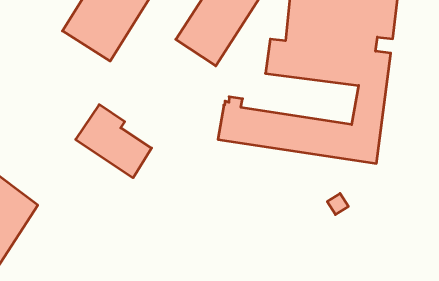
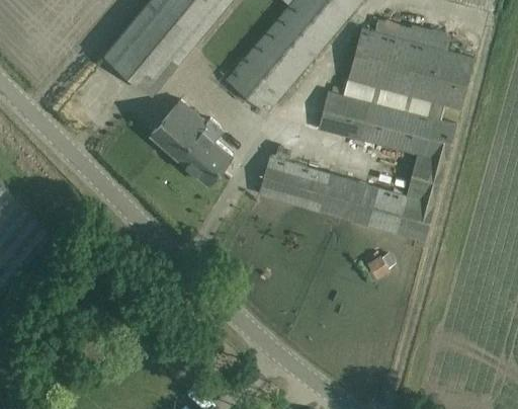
building: [76,105,152,178] -> [149,99,230,183]

